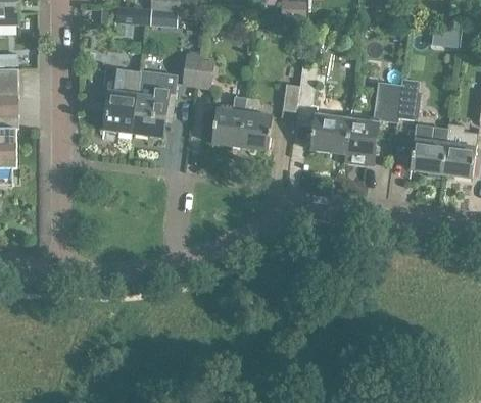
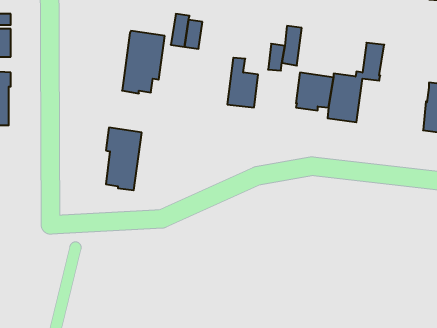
building: [103,68,140,133] -> [106,128,142,190]
building: [396,80,420,120] -> none
building: [210,97,246,147] -> none
building: [410,124,447,178] -> none

